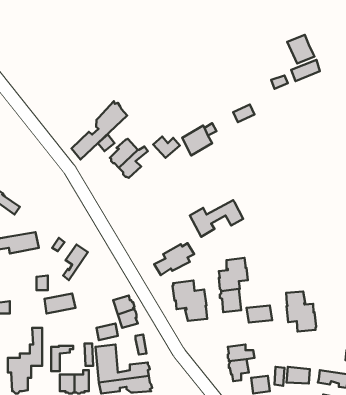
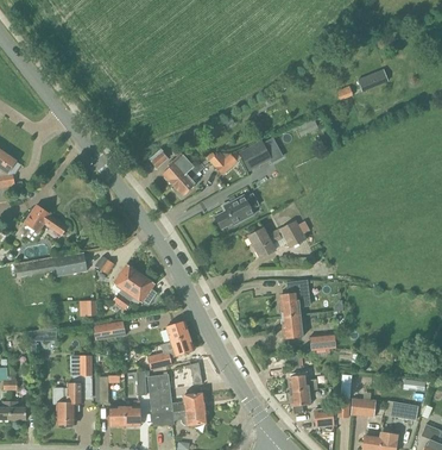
building: [287,35,314,63] -> none
building: [71,101,127,160] -> none
building: [154,243,194,275] -> [215,194,258,229]
building: none -> [119,275,157,310]
building: [173,281,207,321] -> none
building: [286,291,316,331] -> none

